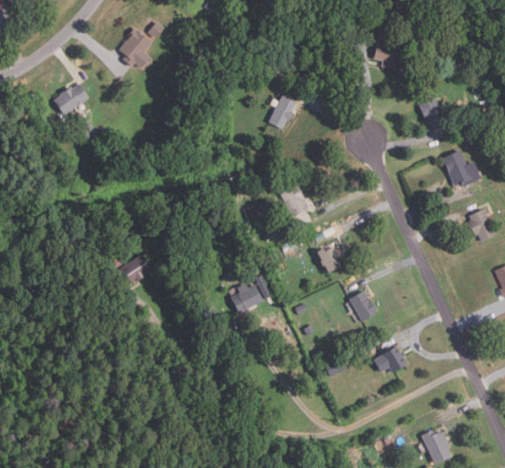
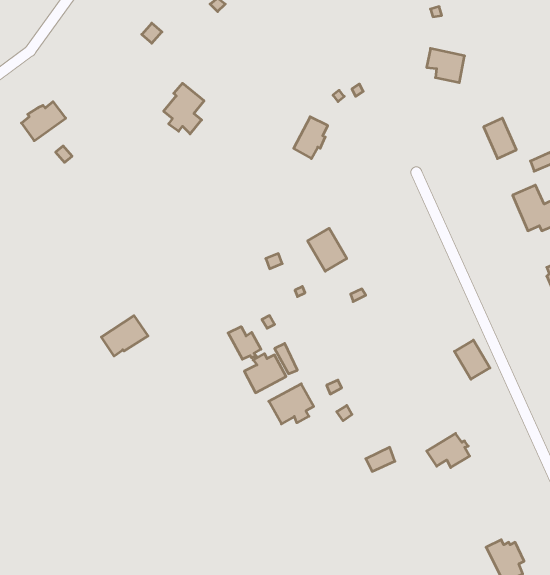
building: [119,28,151,68] -> [164,83,204,134]
building: [316,247,342,272] -> none
building: none -> [228,327,261,359]
building: [349,290,377,321] -> [454,340,490,379]
building: none -> [269,384,314,424]

